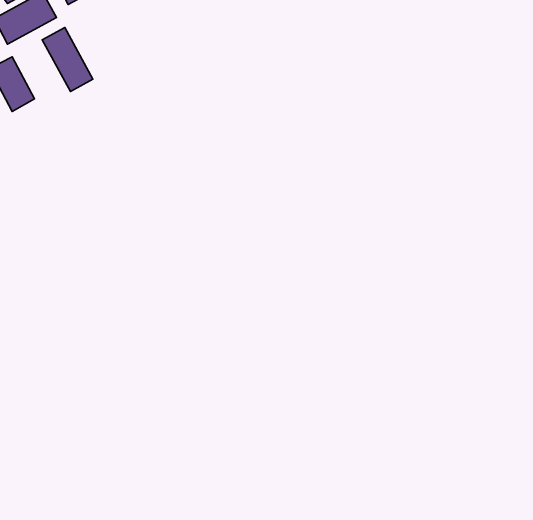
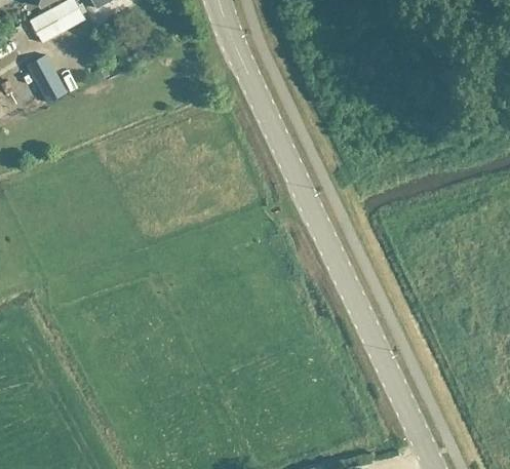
building: [42,27,93,91] -> none

